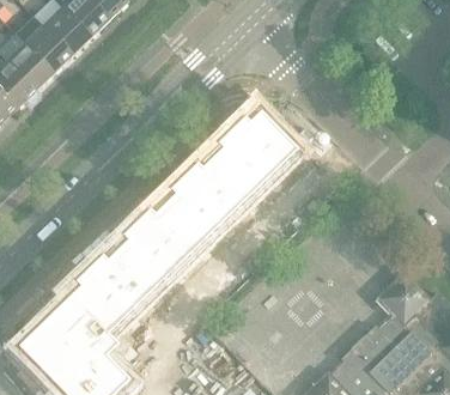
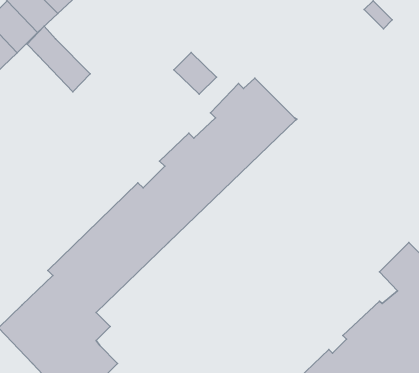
building: none -> [27,26,90,92]
building: none -> [174,53,216,94]

